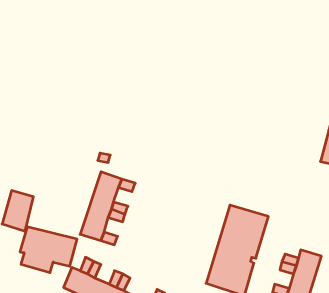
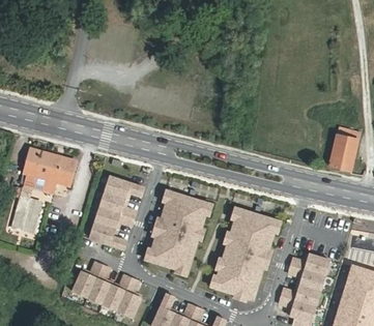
building: none -> [148,191,208,272]
building: [20,227,77,273] -> [23,148,80,194]

